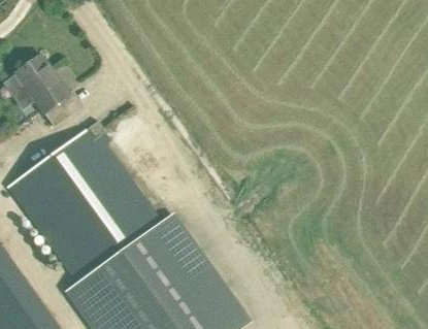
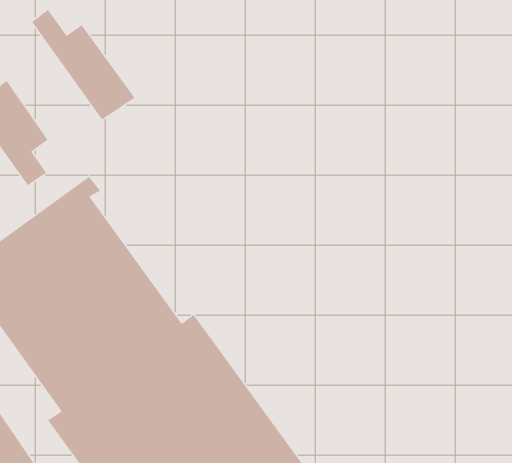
building: none -> [31,9,135,120]

